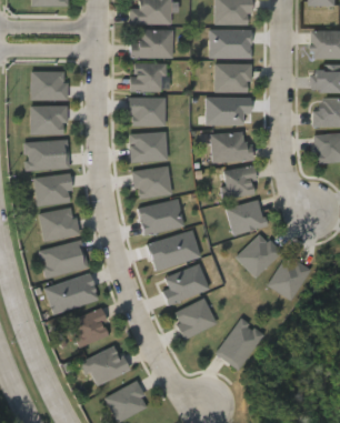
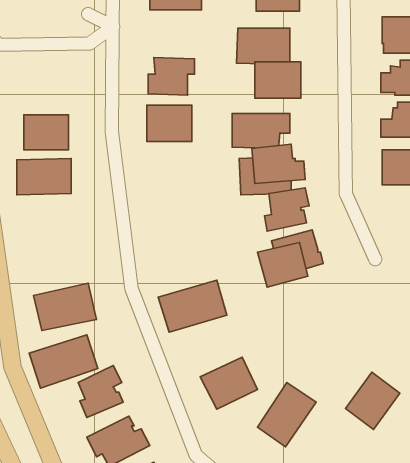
building: [132,27,176,56] -> none
building: [32,71,68,99] -> none
building: [131,132,167,161] -> none
building: [134,167,172,198] -> none
building: [36,173,73,205] -> none
building: [40,207,80,240] -> none
building: [131,208,176,240] -> none
building: [236,232,279,275] -> none
building: [267,254,310,300] -> [345,372,400,429]
building: [154,271,201,312] -> none

